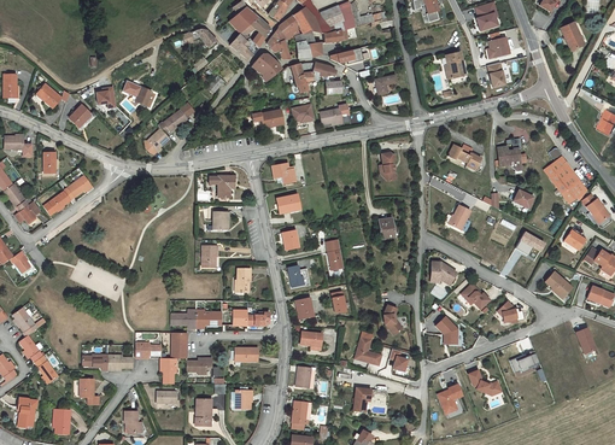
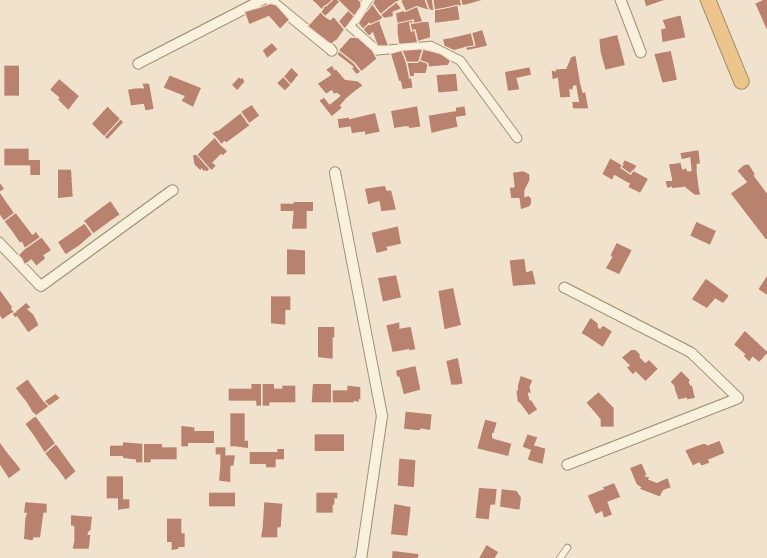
building: none -> [551,55,589,109]
building: none -> [317,65,364,117]

